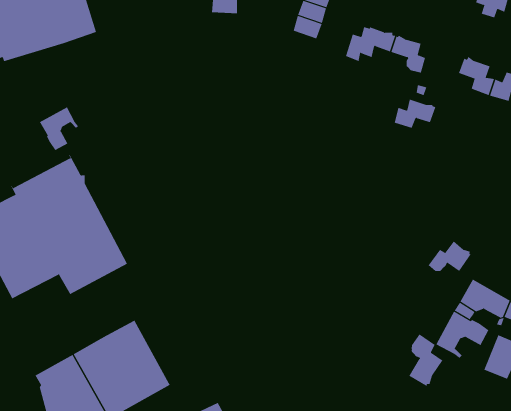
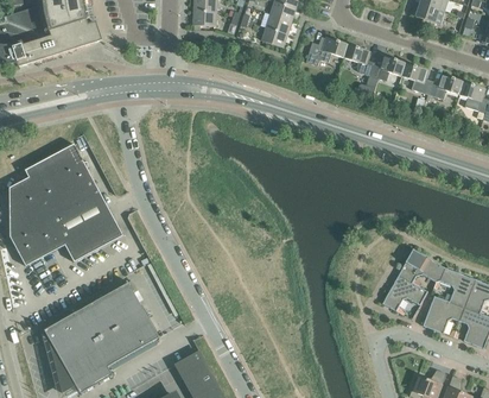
building: [394,99,436,128] -> [369,56,405,81]
building: [39,107,79,151] -> none
building: [428,241,472,272] -> none
building: [409,334,443,387] -> none

